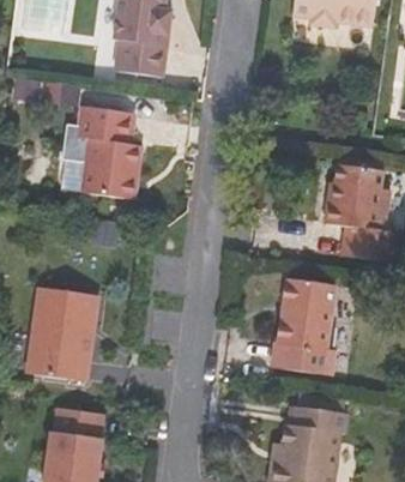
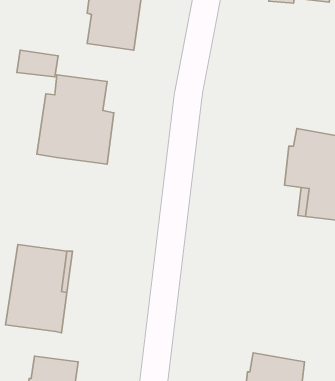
building: [272,277,337,375] -> none

